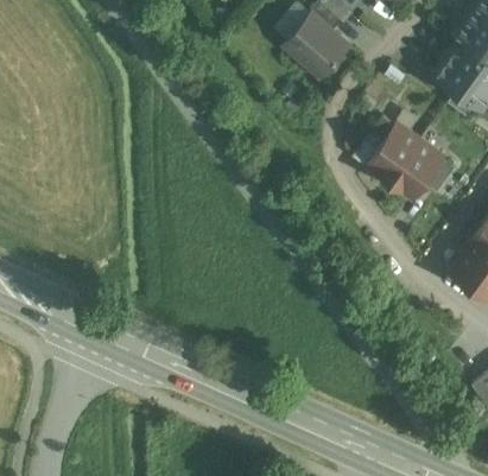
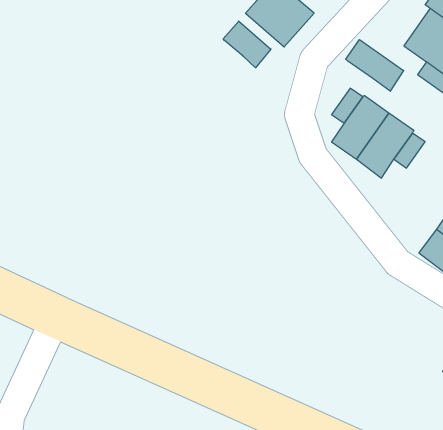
building: none -> [223,21,271,68]
building: none -> [346,40,404,91]

